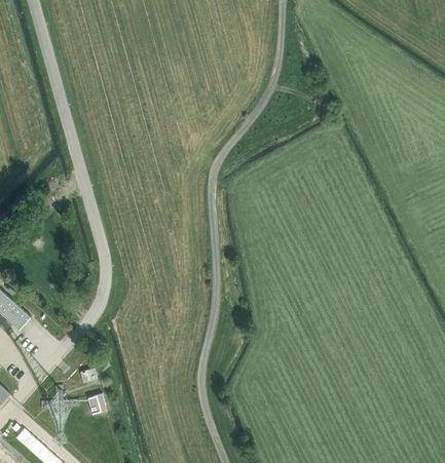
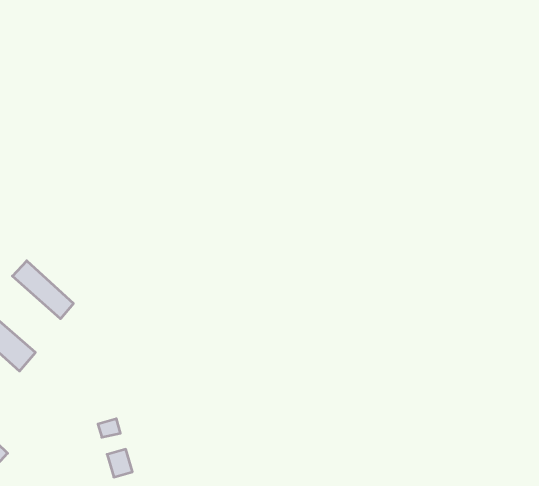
building: none -> [12,261,73,319]

